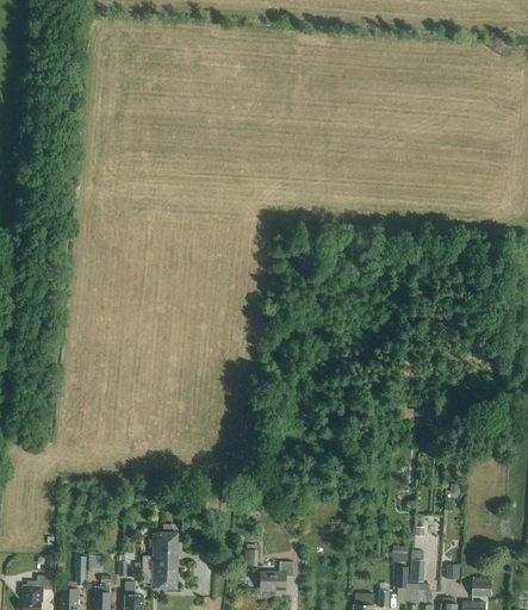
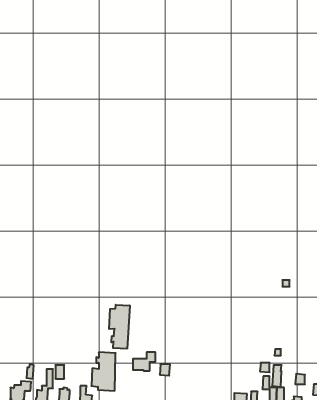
building: none -> [109,305,130,349]
building: [261,562,294,590] -> [133,352,155,371]

